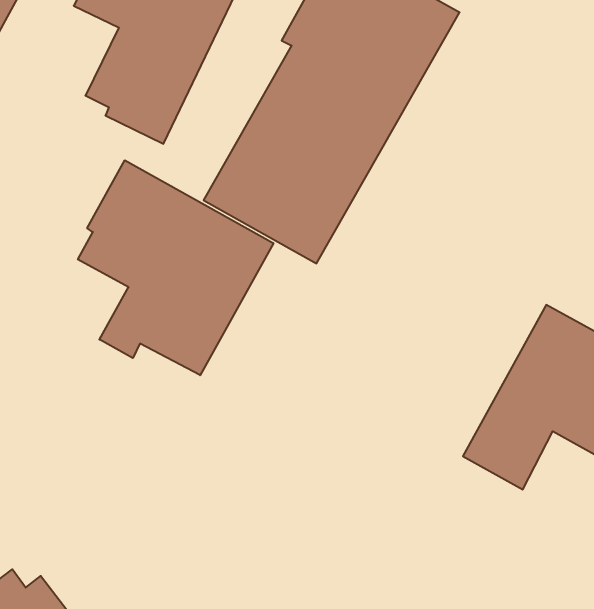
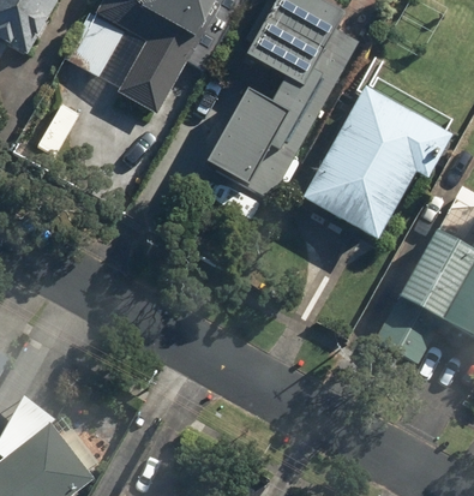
building: none -> [300,86,450,241]
building: [78,160,273,375] -> none

